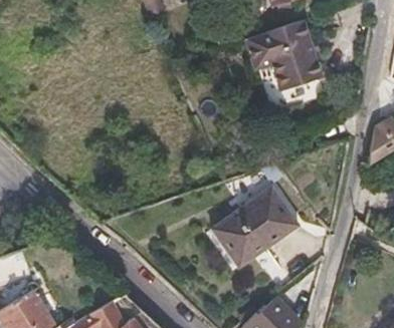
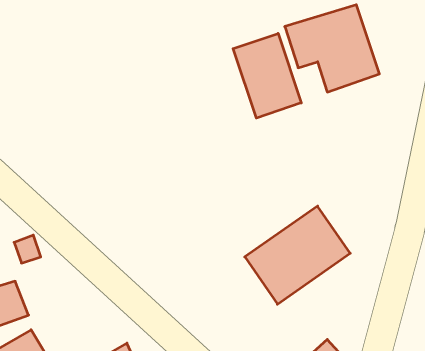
building: none -> [233,33,301,118]

